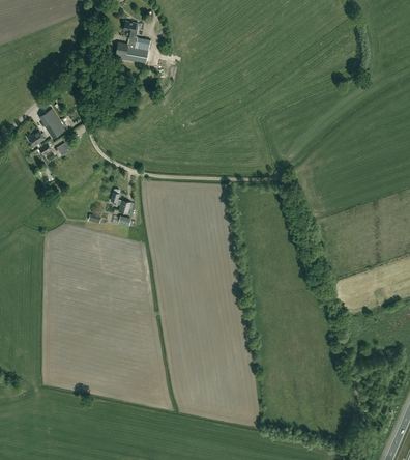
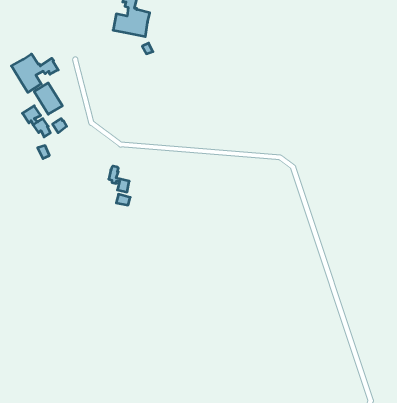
building: none -> [11,54,58,92]

